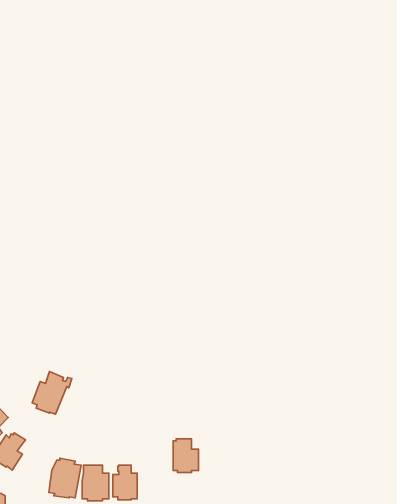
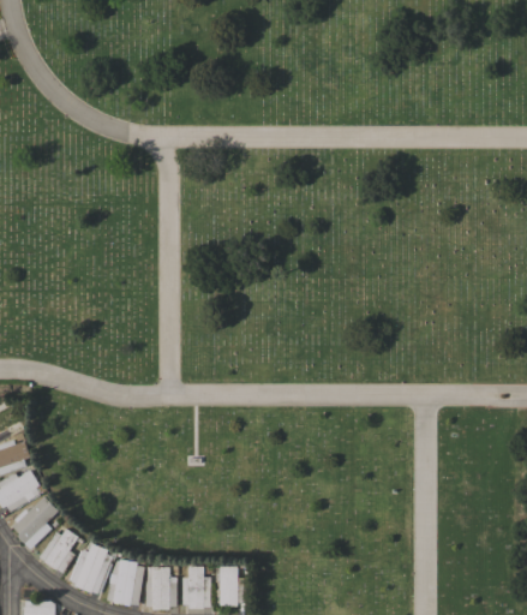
building: [32,371,72,414] -> [70,543,116,593]
building: [173,439,199,472] -> [215,566,245,605]

